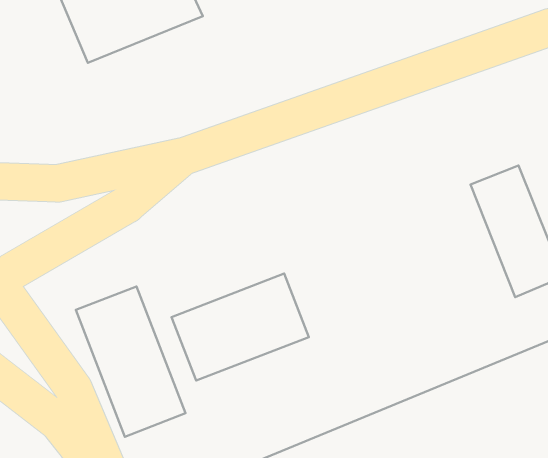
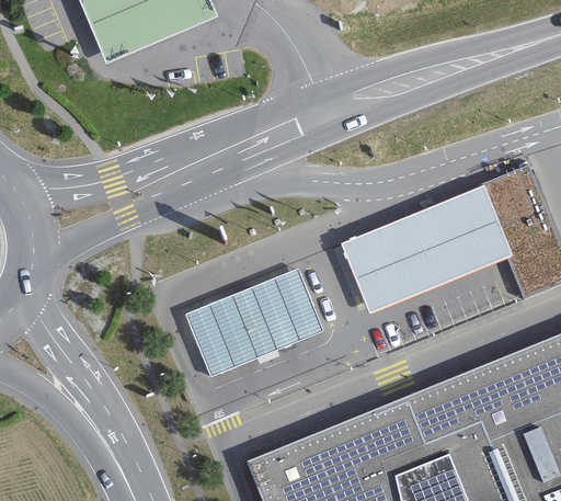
building: none -> [340,184,512,314]
building: [76,286,185,437] -> none

